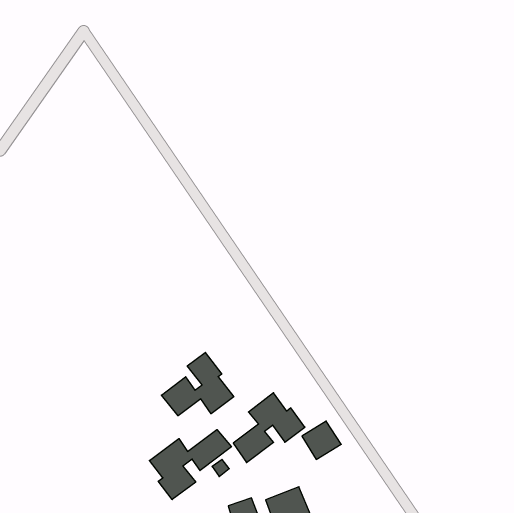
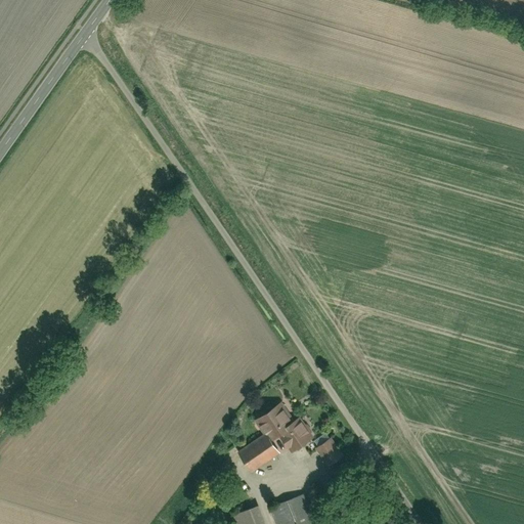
building: [161,352,234,416] -> none
building: [149,430,231,500] -> none

